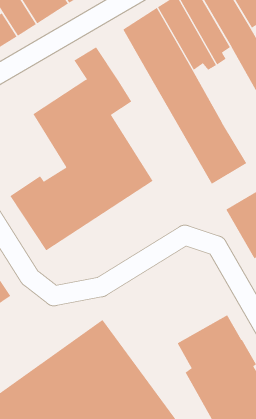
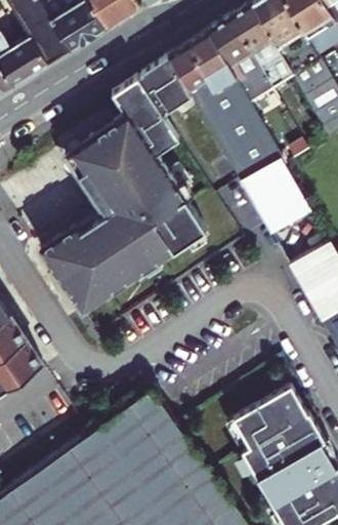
building: none -> [139,56,193,115]

